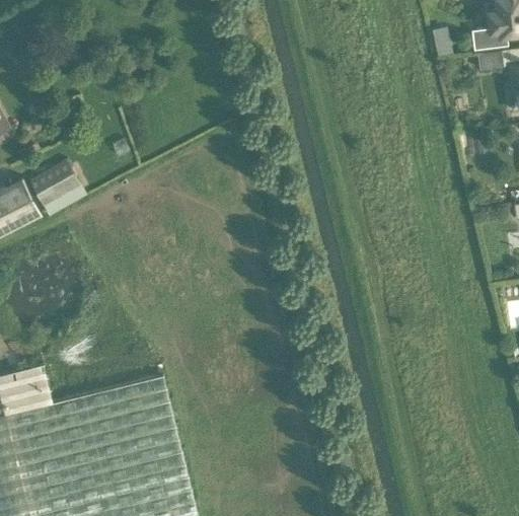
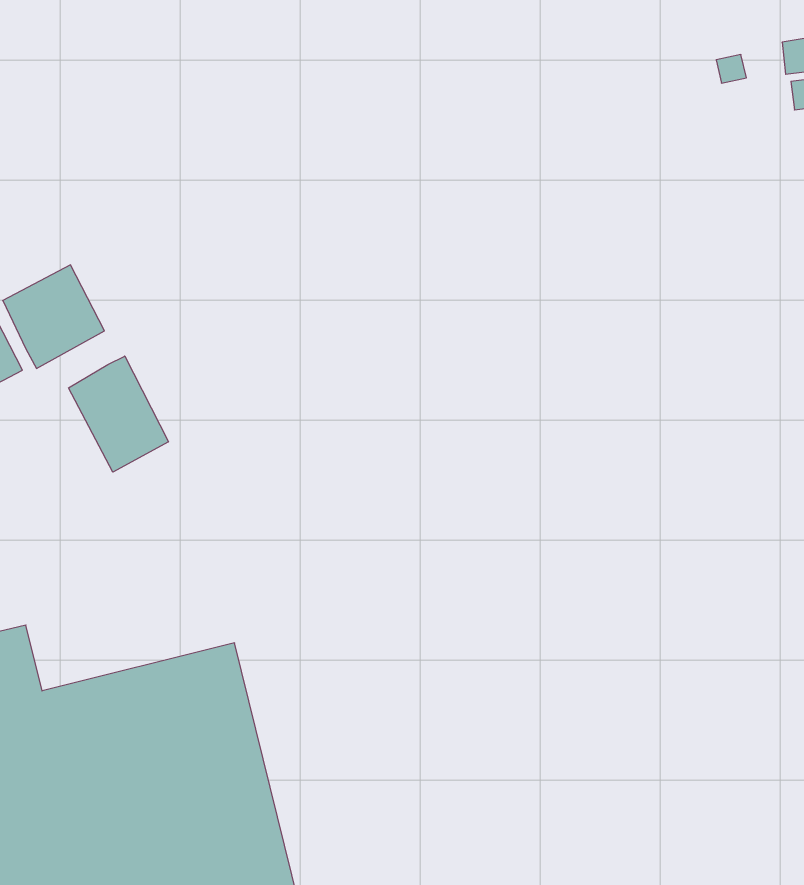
building: none -> [69,356,168,472]

